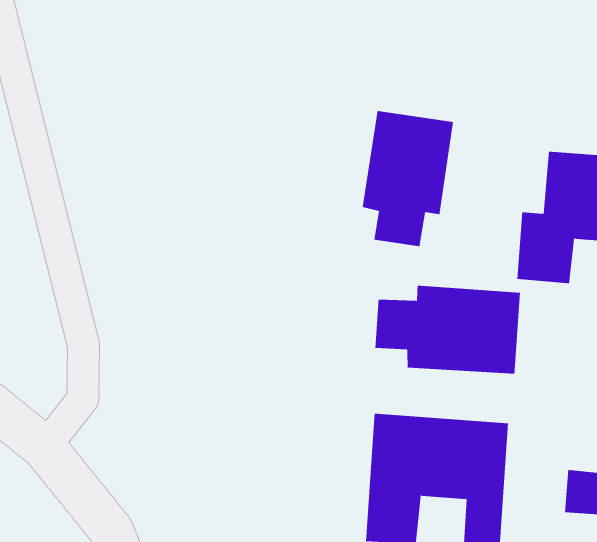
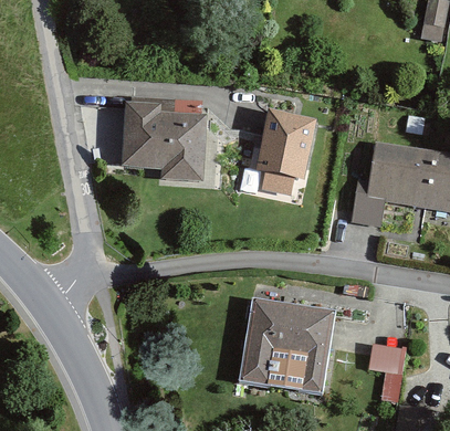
building: none -> [121,101,209,181]
building: [375,285,521,375] -> none

